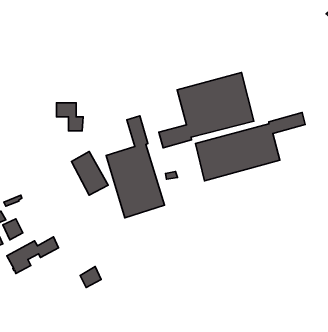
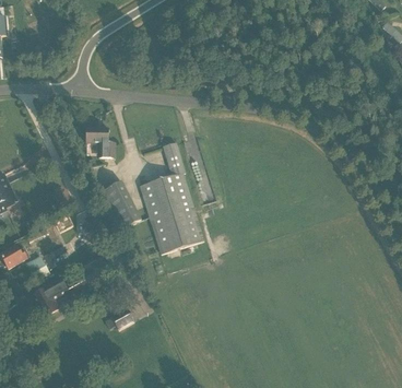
building: [159,73,254,148] -> none
building: [196,112,305,181] -> none

